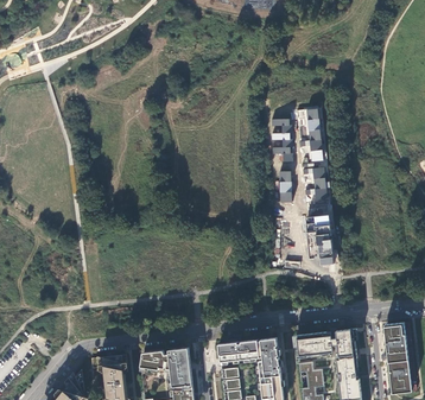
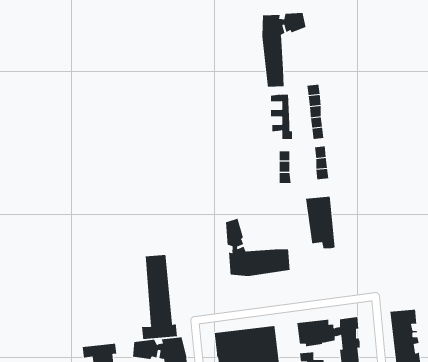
building: none -> [262,12,306,87]
building: none -> [225,218,290,277]
building: none -> [142,254,177,340]

